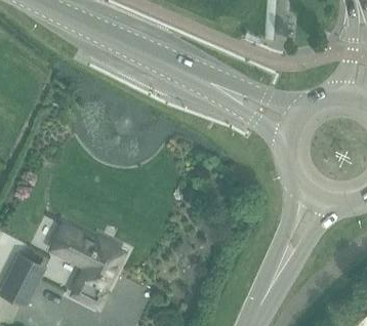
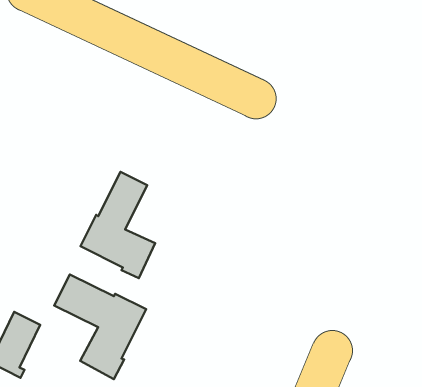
building: none -> [80,172,155,278]

